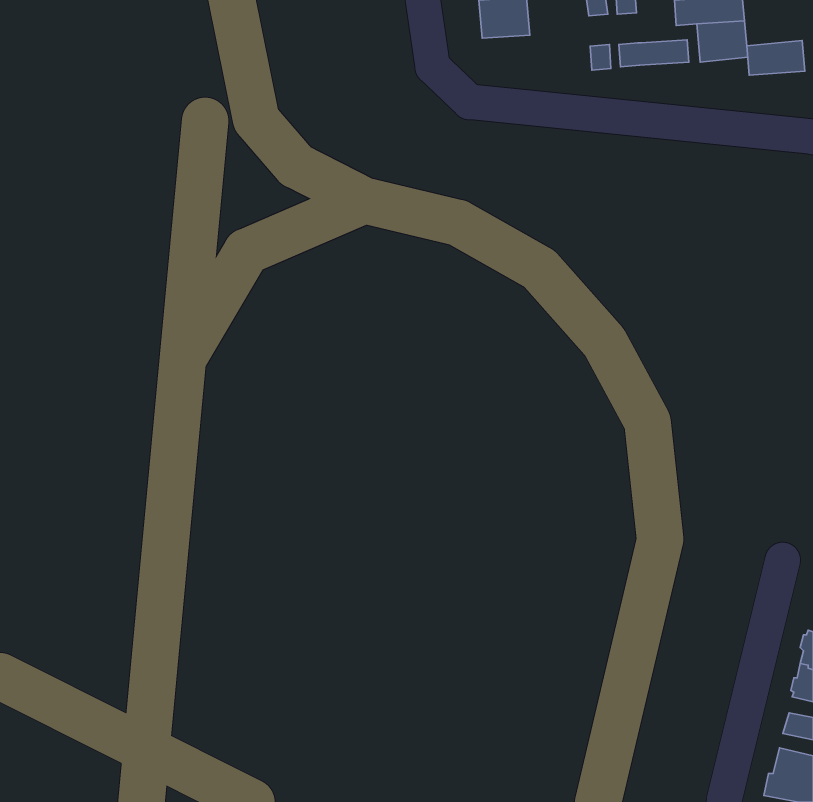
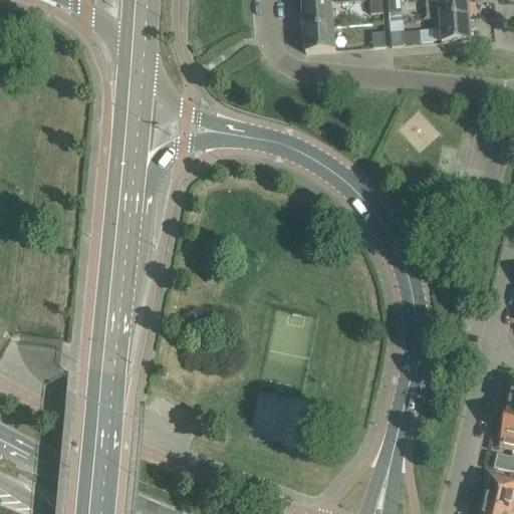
building: none -> [304,22,335,49]
building: [747,41,805,75] -> none

